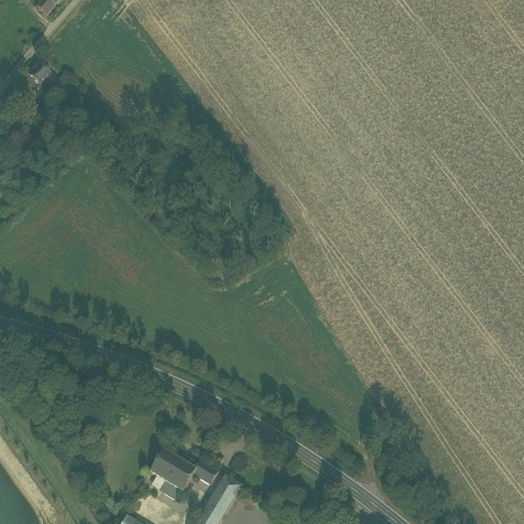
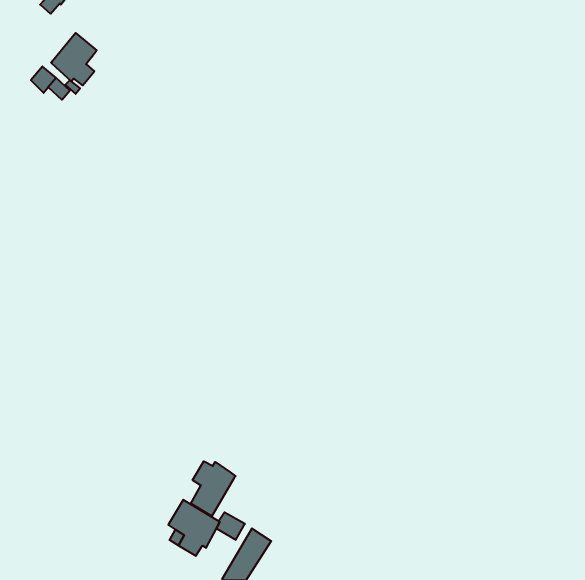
building: none -> [51,33,97,85]
building: none -> [191,461,236,516]

